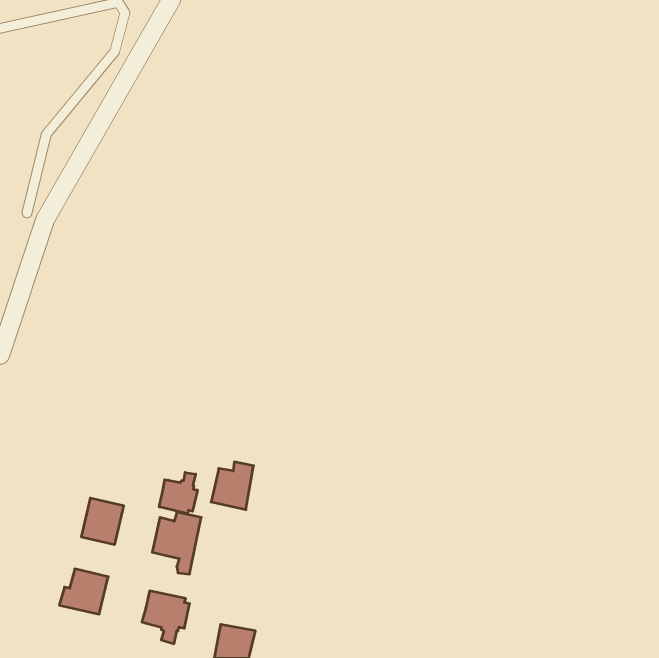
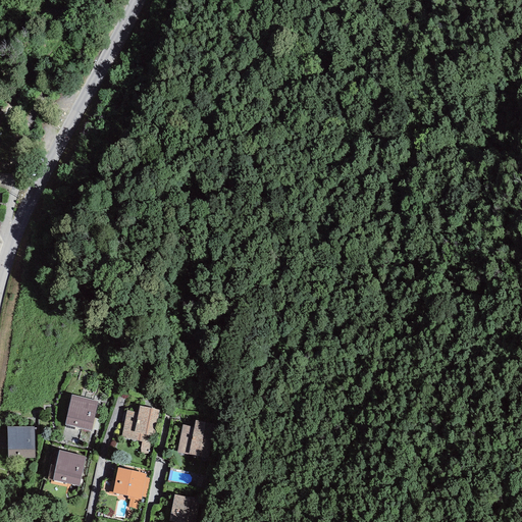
building: [211,462,254,510] -> [176,419,210,457]
building: [159,472,197,514] -> none
building: none -> [7,425,35,457]

